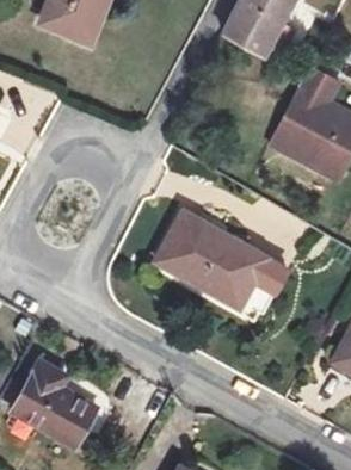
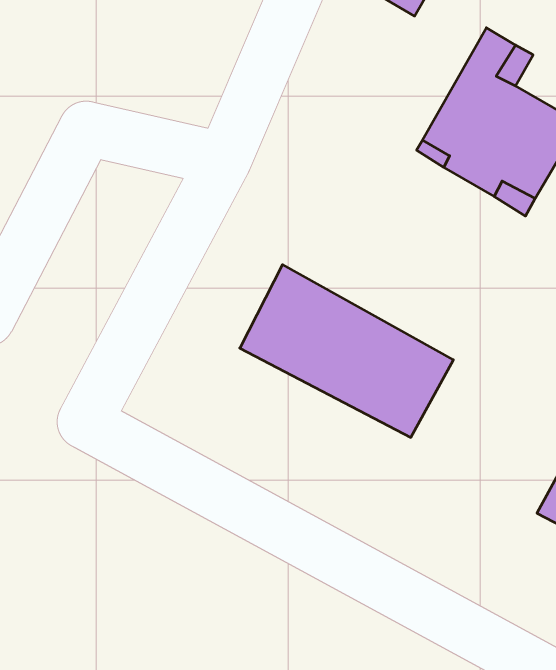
building: [23,366,104,450] -> none

